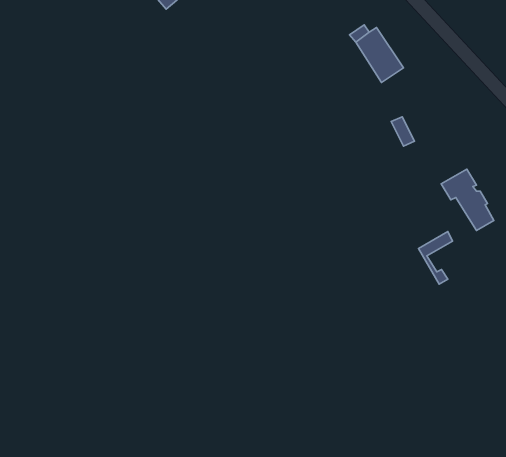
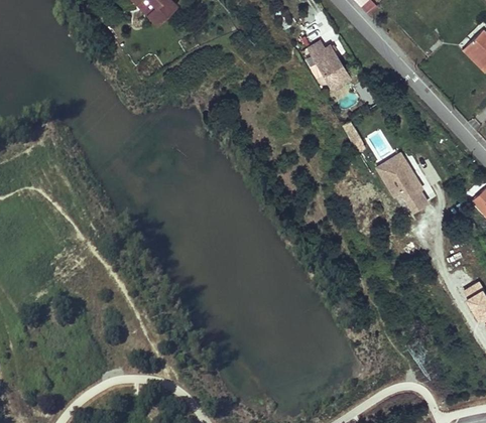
building: [418,232,453,284] -> [376,153,404,196]

